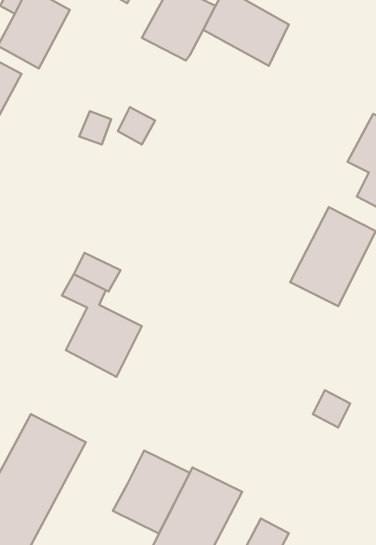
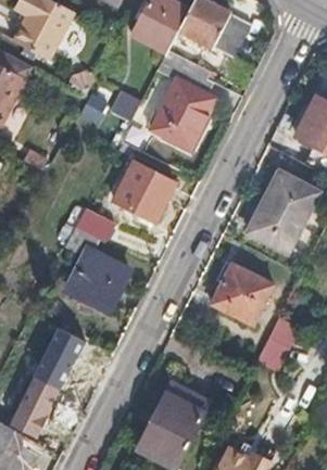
building: none -> [151,48,214,149]
building: none -> [114,161,176,220]
building: none -> [213,264,275,325]
building: [113,450,190,533] -> none

